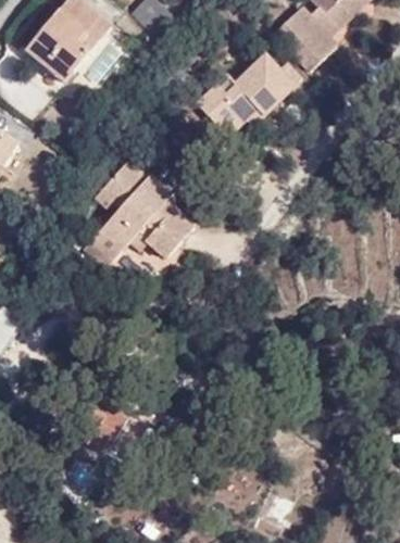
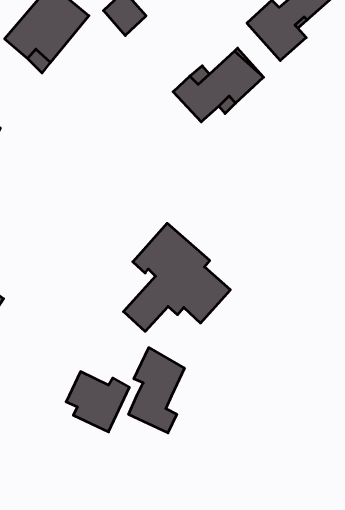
building: [84,155,196,268] -> [123,223,230,331]
building: none -> [129,348,184,433]

